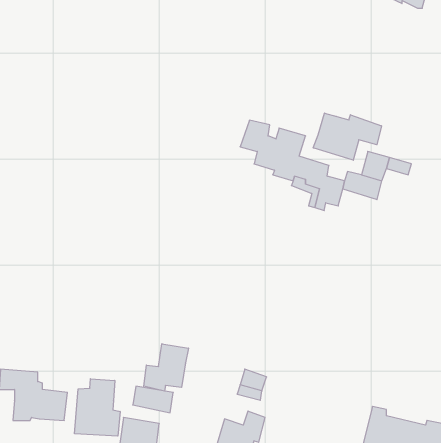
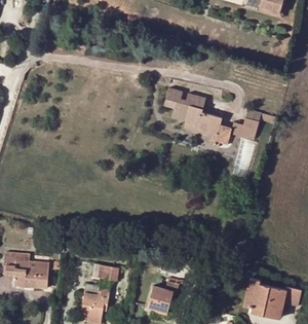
building: [313,113,381,160] -> none
building: [144,344,188,391] -> none
building: [75,379,120,436] -> none

